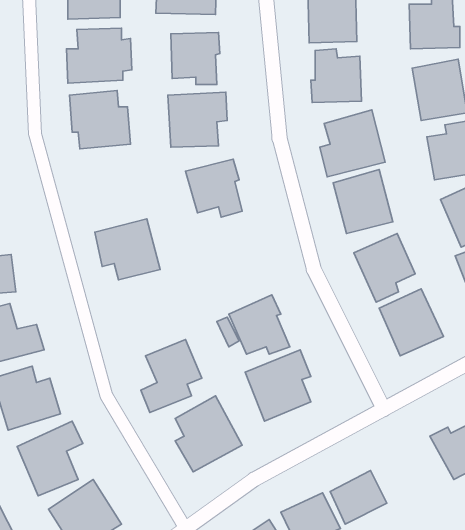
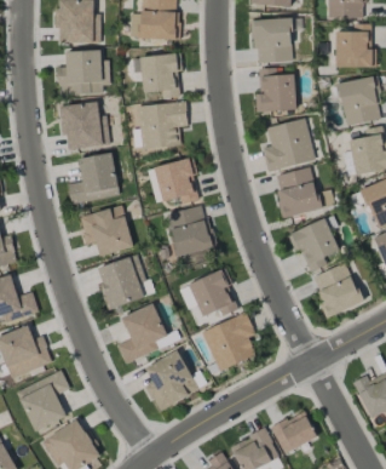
building: none -> [68,153,120,205]
building: none -> [167,205,215,256]
building: none -> [97,254,152,309]

